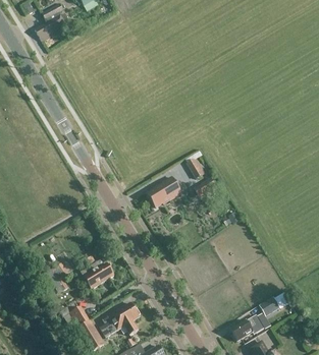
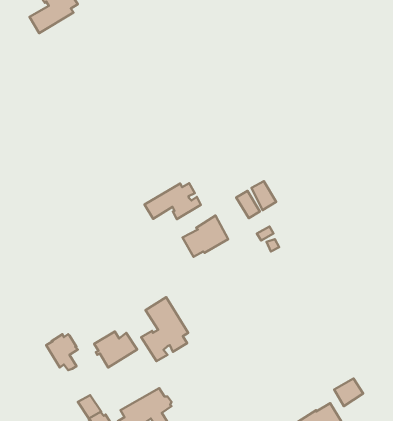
building: none -> [144,183,201,219]
building: none -> [141,297,188,361]

